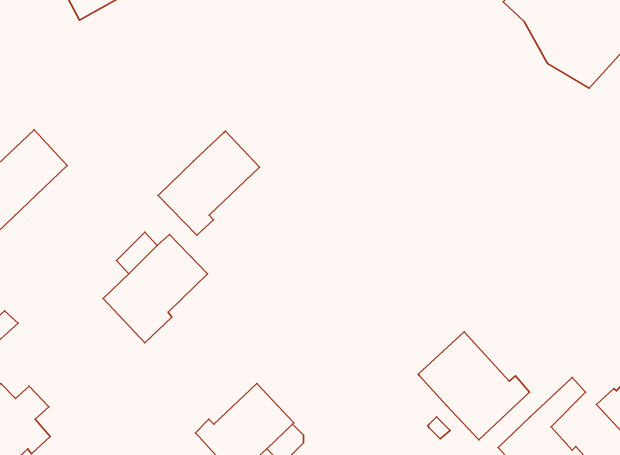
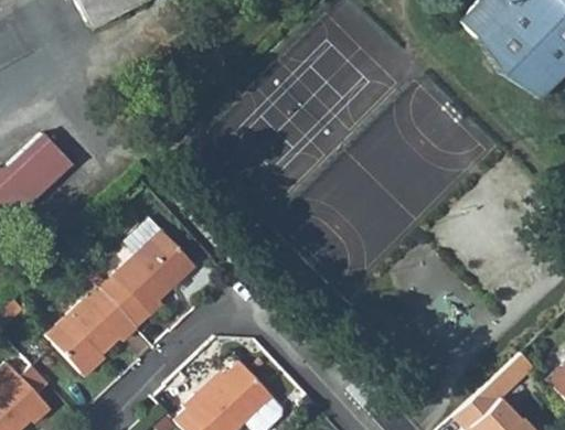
building: [158,131,260,235] -> none
building: none -> [50,284,139,370]
building: [418,332,529,440] -> none

